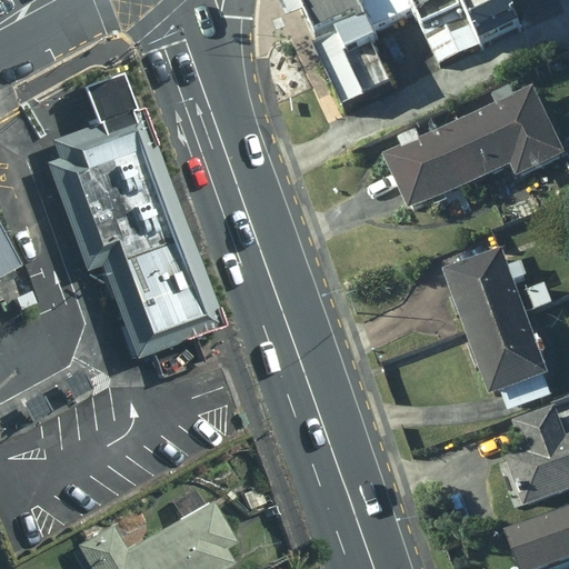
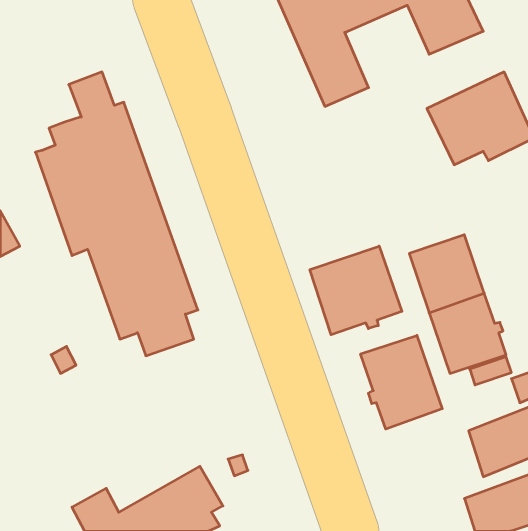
building: [390,116,489,209] -> none
building: none -> [310,246,402,335]
building: none -> [361,335,442,429]

